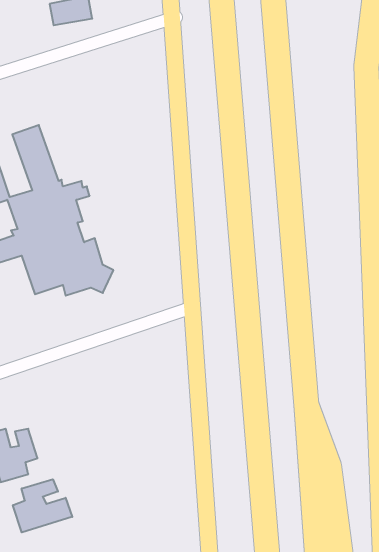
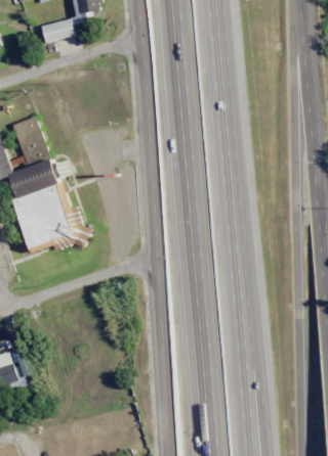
building: [13,479,72,532] -> none

